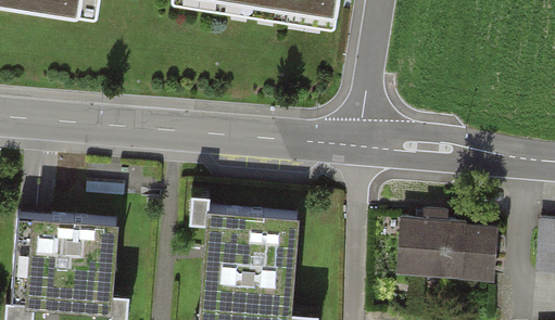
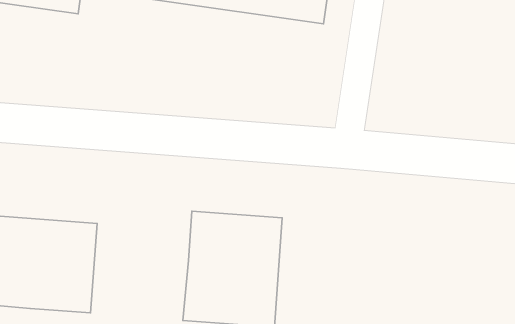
building: [395,220,495,280] -> none

